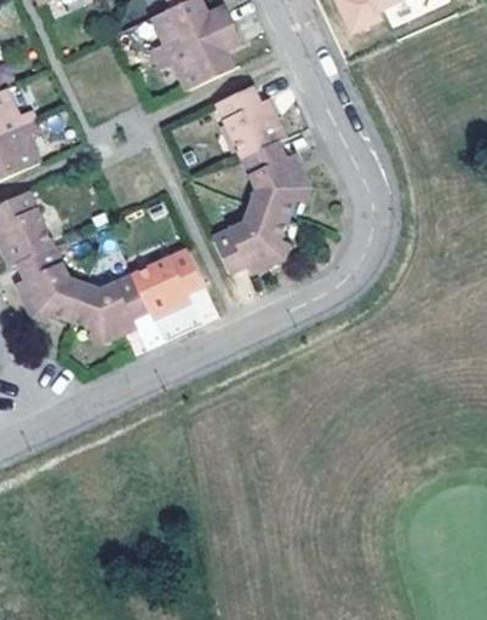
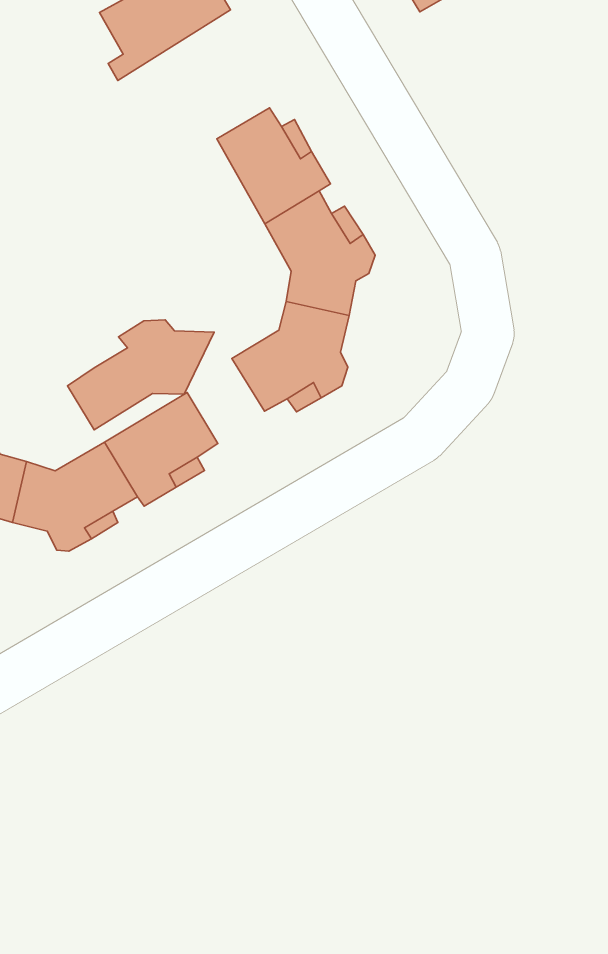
building: [159,19,240,85] -> none
building: none -> [68,320,214,430]

